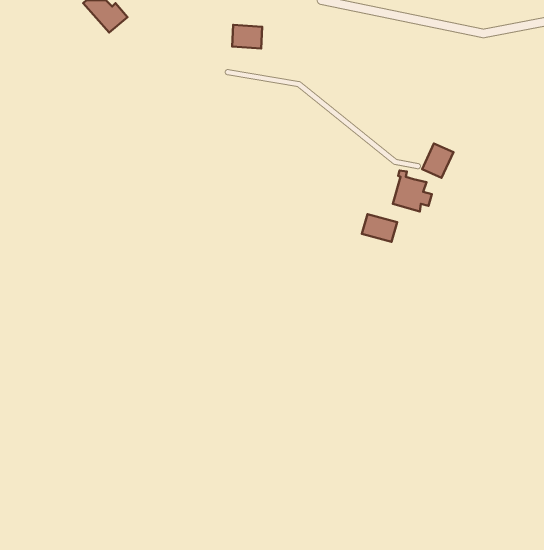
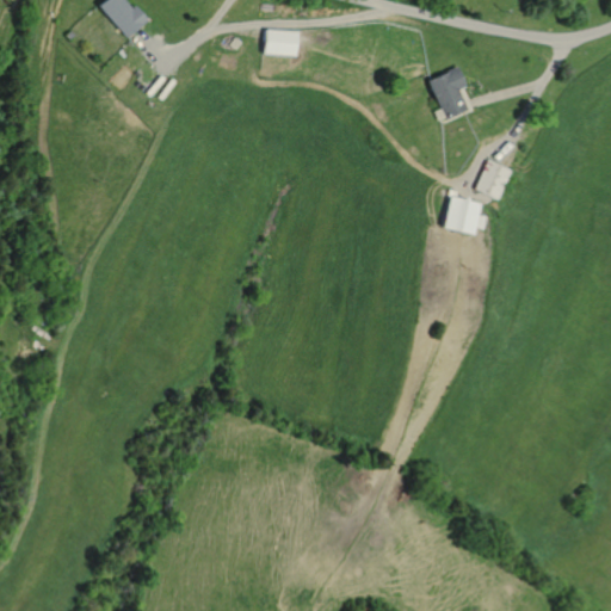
building: none -> [430,67,468,119]
building: [362,214,397,242] -> none

